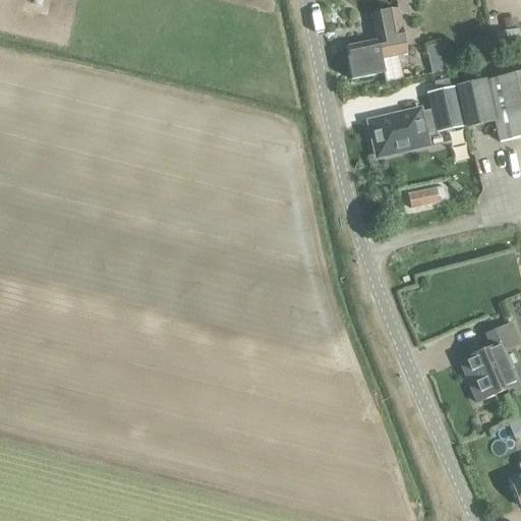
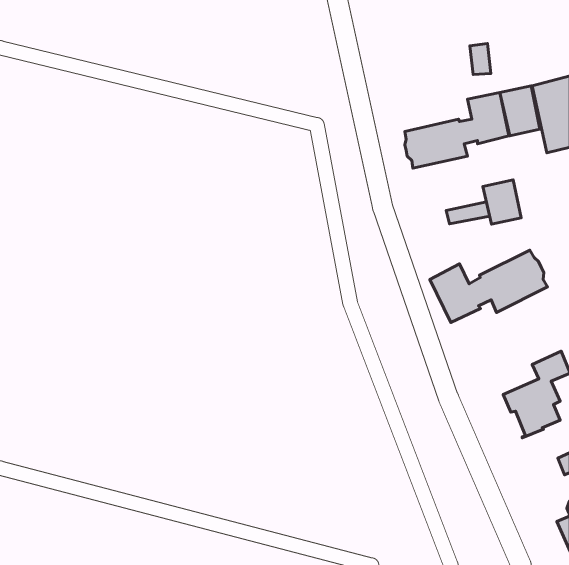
building: [347,6,407,79] -> none
building: none -> [483,180,521,224]
building: none -> [430,250,547,323]

